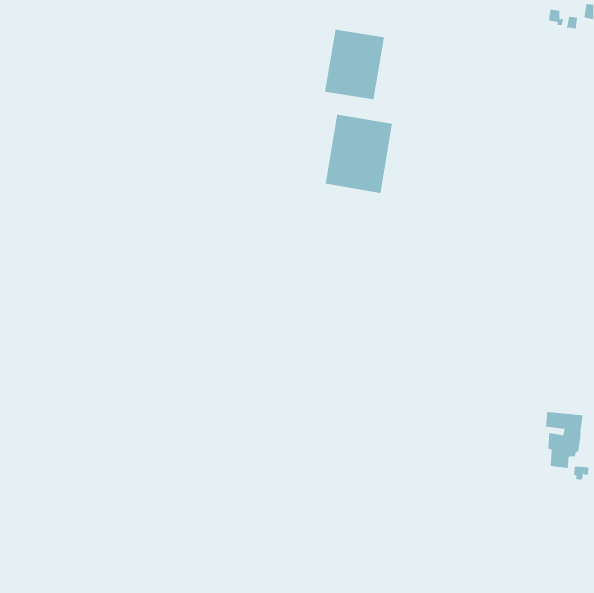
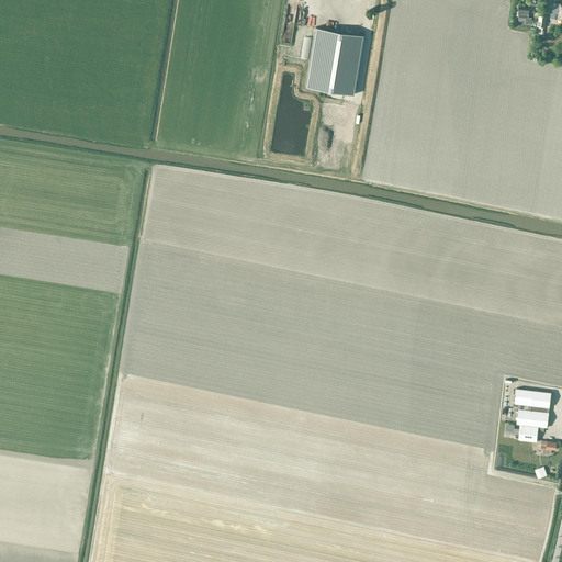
building: [325,114,393,194] -> none

